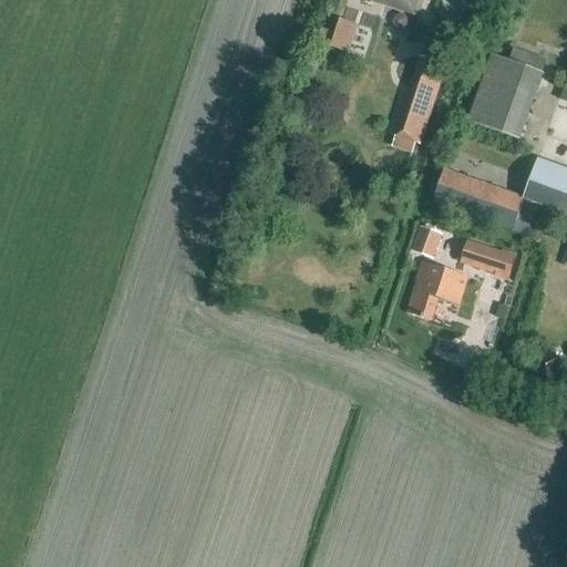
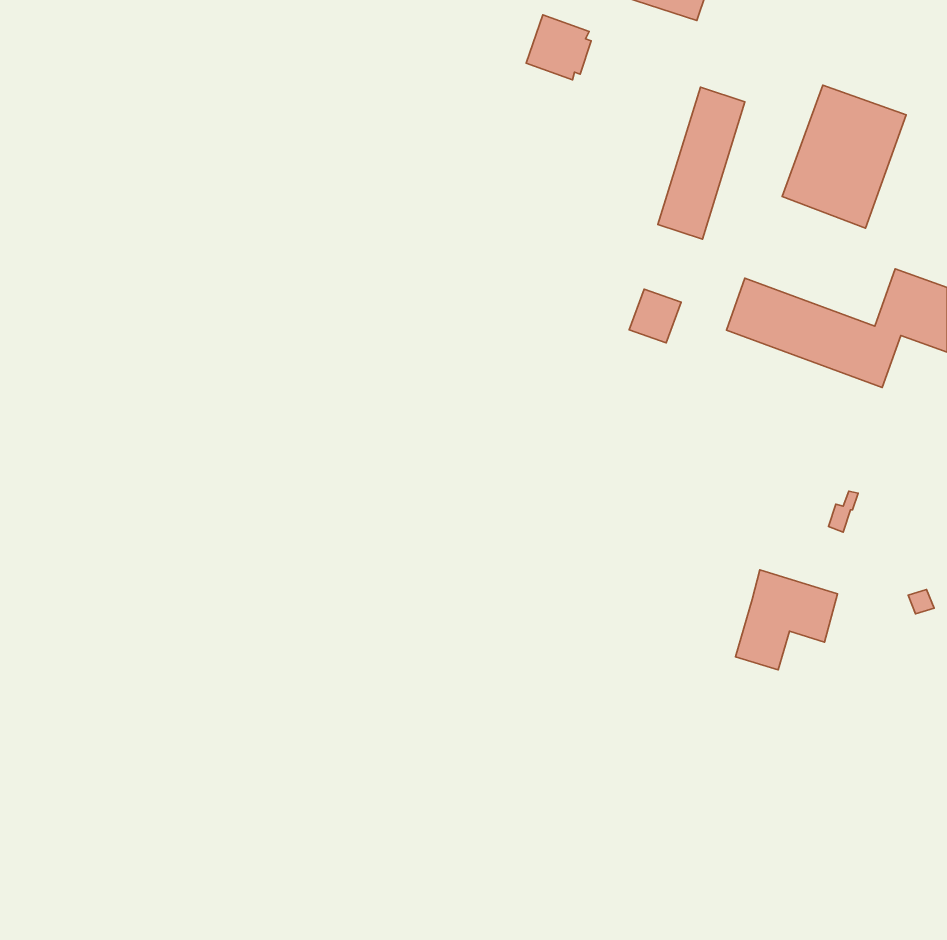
building: [411,225,442,257] -> [629,289,681,343]
building: [460,238,516,277] -> none
building: [409,261,470,321] -> [736,570,838,670]

